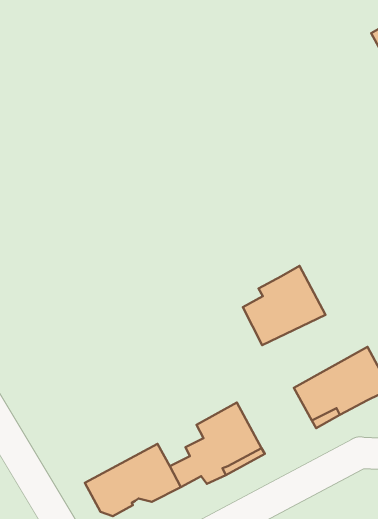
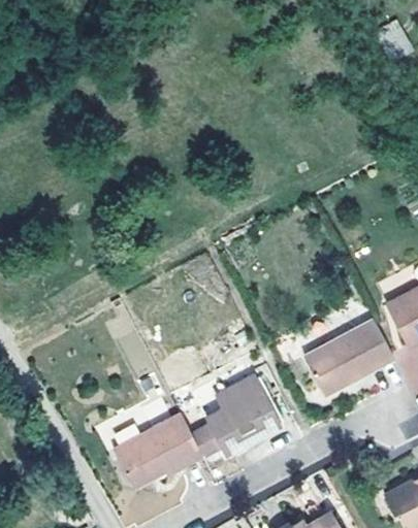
building: [243,266,325,345] -> none

